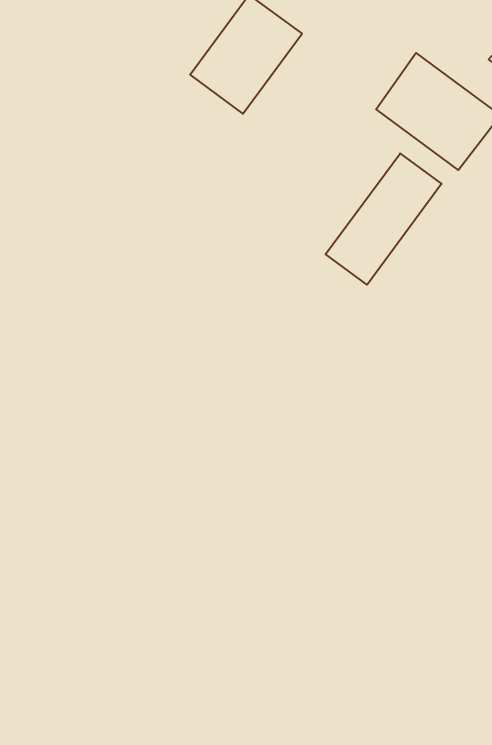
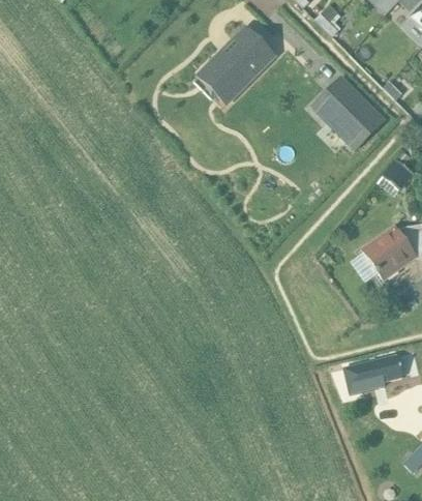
building: [326,153,442,285] -> none

